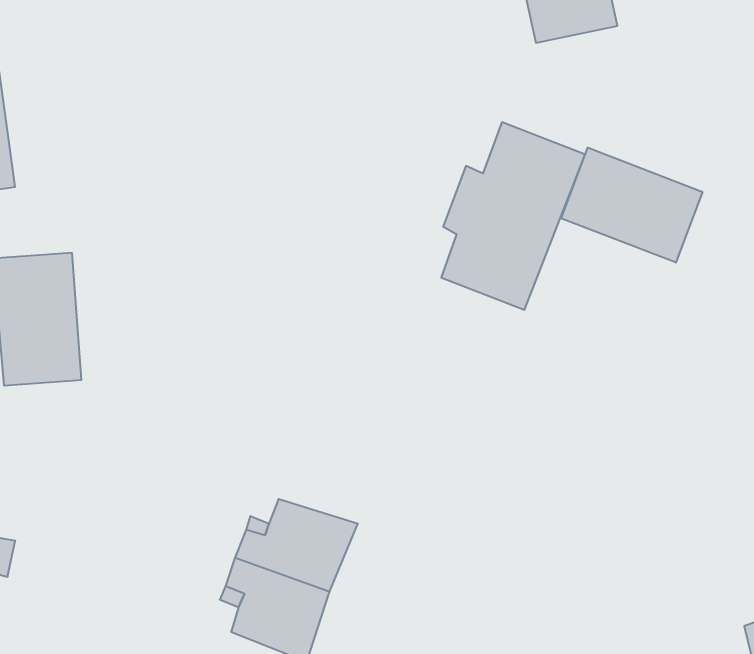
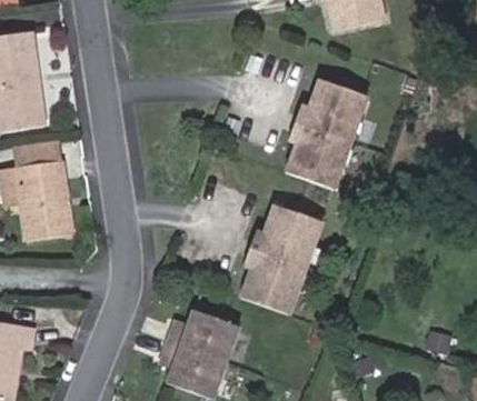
building: [561,148,702,263] -> none
building: none -> [238,205,321,315]

